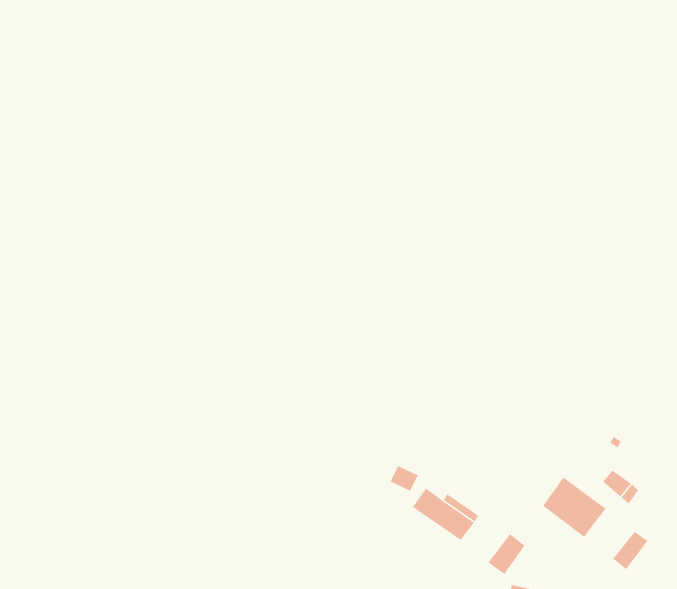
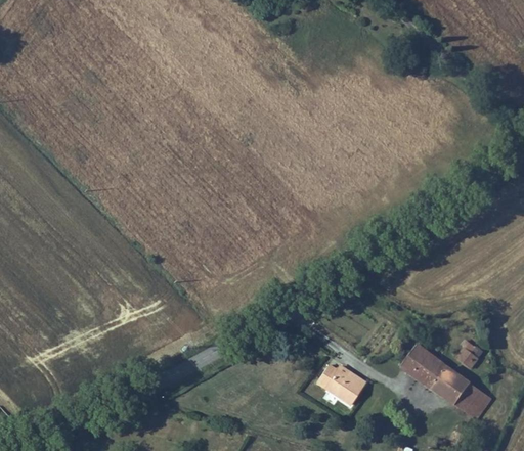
building: none -> [443,376,480,413]
building: [488,533,525,575] -> [400,344,428,374]

